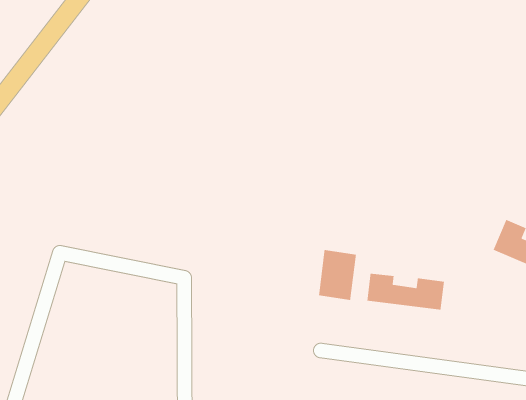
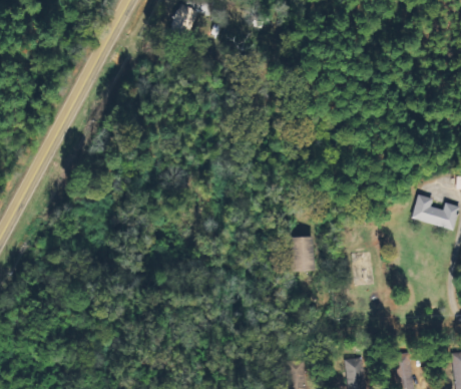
building: [367,273,445,311] -> none

